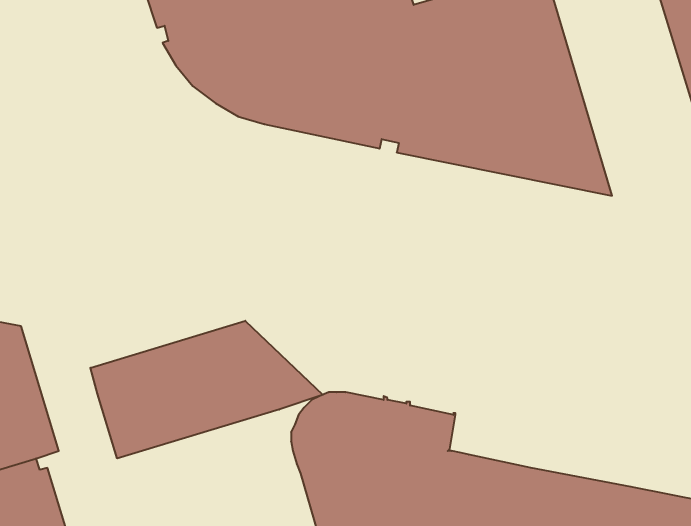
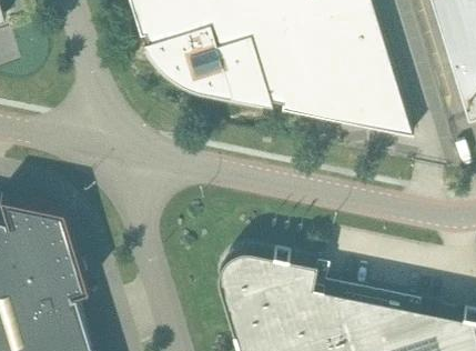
building: [90,321,323,458] -> none

